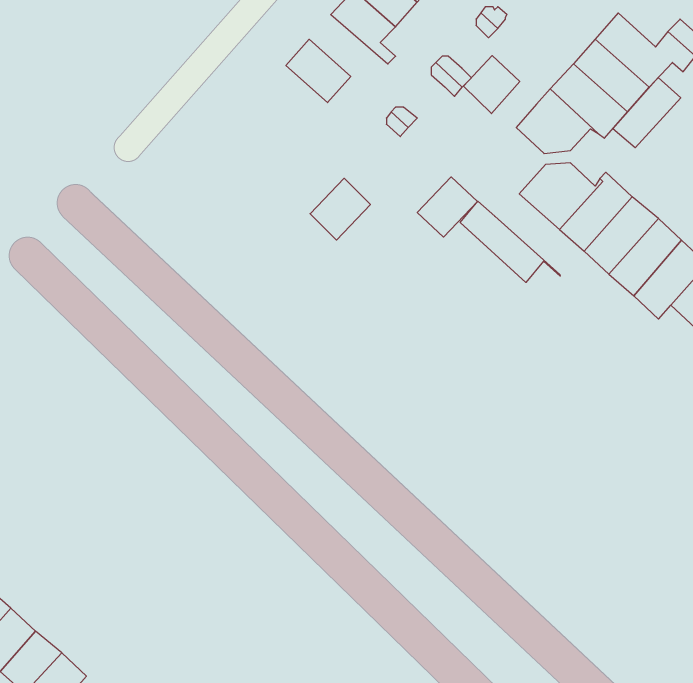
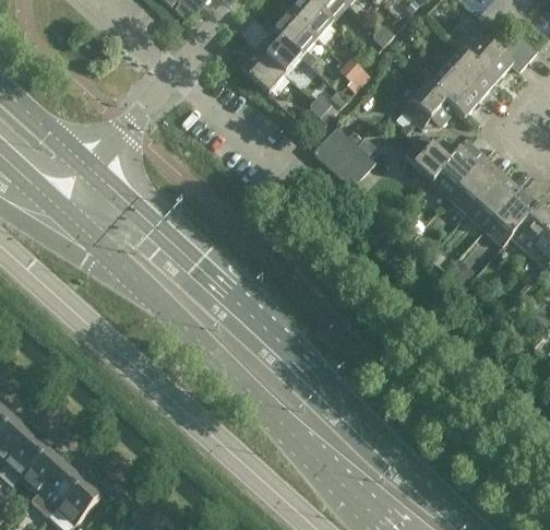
building: none -> [255,30,311,73]
building: [464,56,520,114] -> none
building: [613,78,681,148] -> none
building: [310,178,370,240] -> [313,126,356,169]
building: [460,201,560,282] -> none

